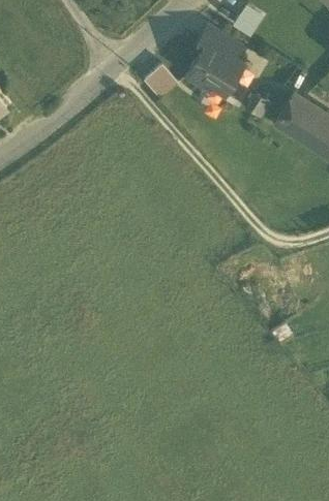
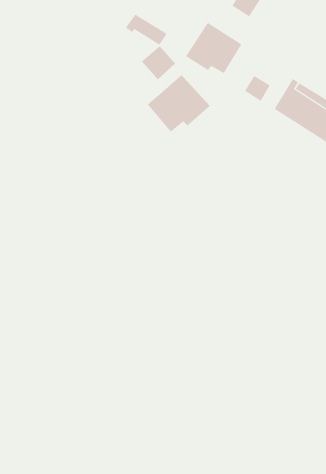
building: [200,27,241,58] -> [125,14,167,46]
building: none -> [147,74,210,133]

